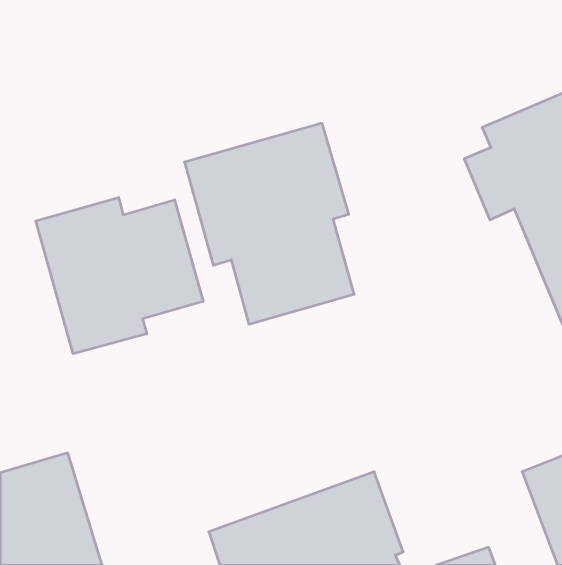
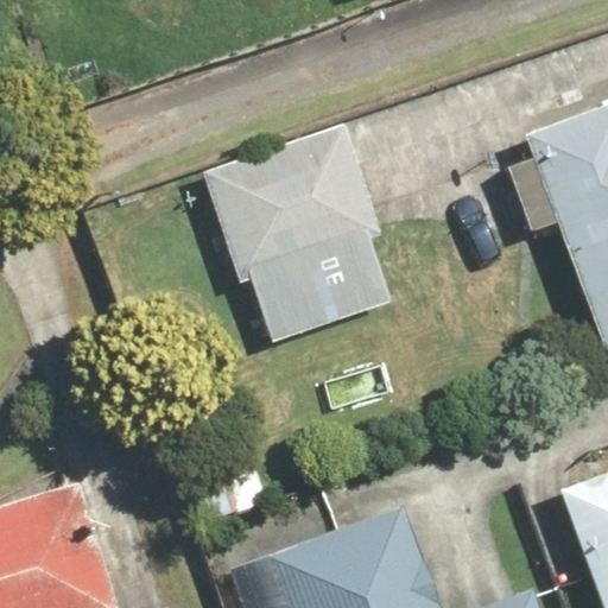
building: [36,197,203,354] -> none

